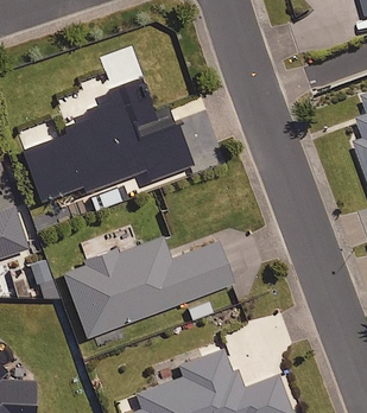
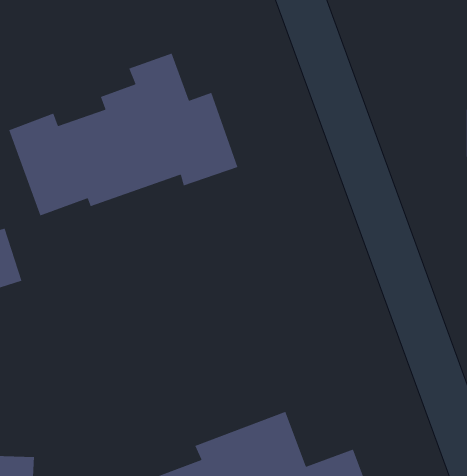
building: [62,235,232,337] -> none

